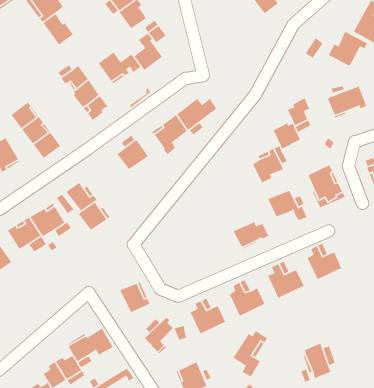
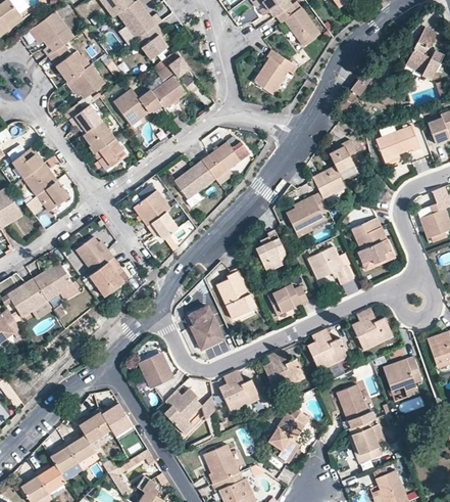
building: none -> [251,48,296,93]
building: none -> [69,63,105,99]
building: [328,31,368,67] -> none
building: none -> [148,211,178,237]
building: none -> [256,232,286,274]
building: none -> [217,270,254,318]
building: none -> [188,306,224,351]
building: none -> [383,357,421,397]
building: none -> [337,385,376,430]

